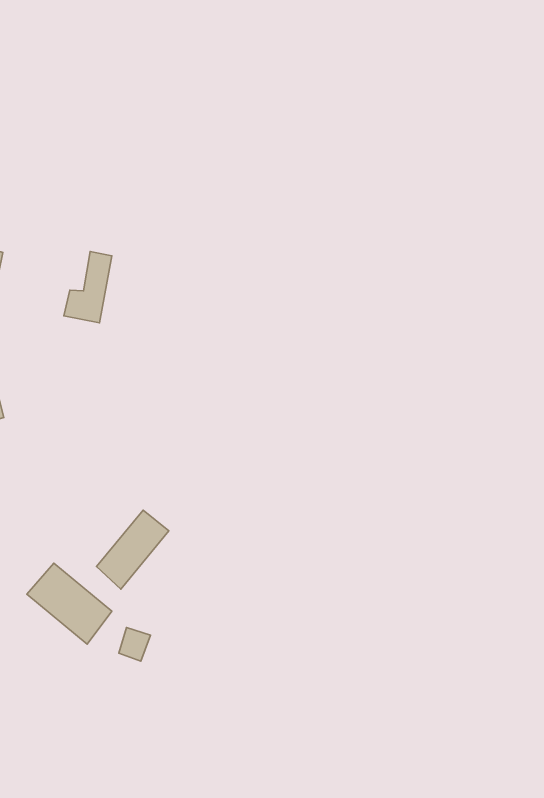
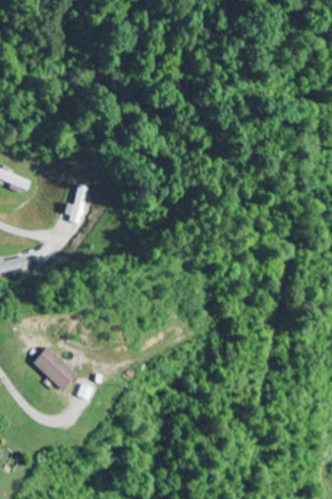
building: [96,510,169,589] -> none

